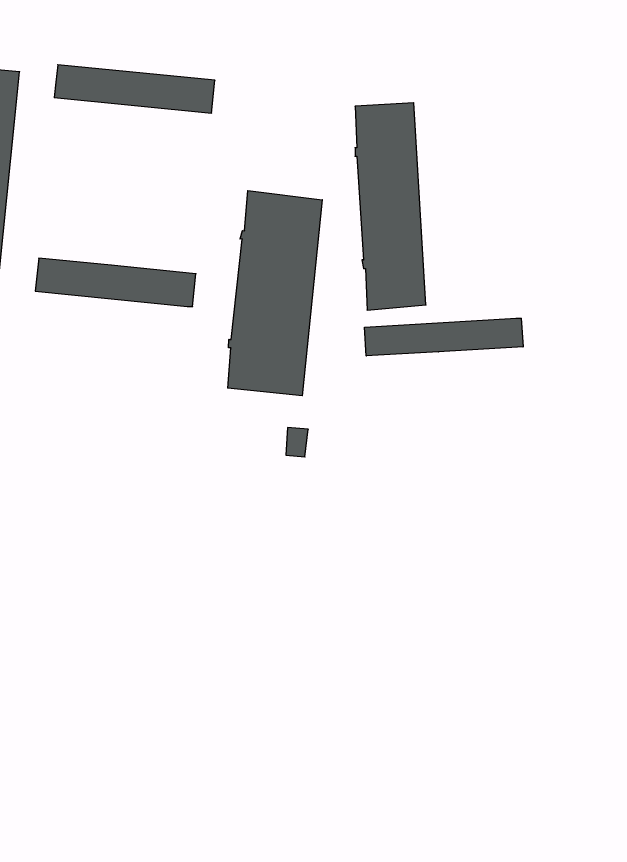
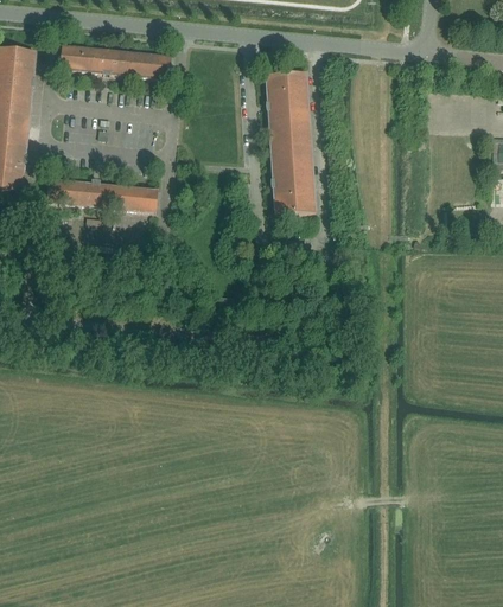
building: [228,191,322,396] -> none
building: [365,318,523,356] -> none

